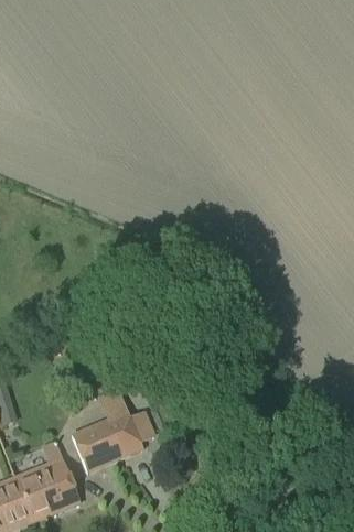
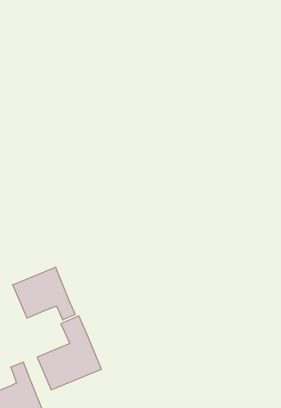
building: none -> [13,267,75,320]

